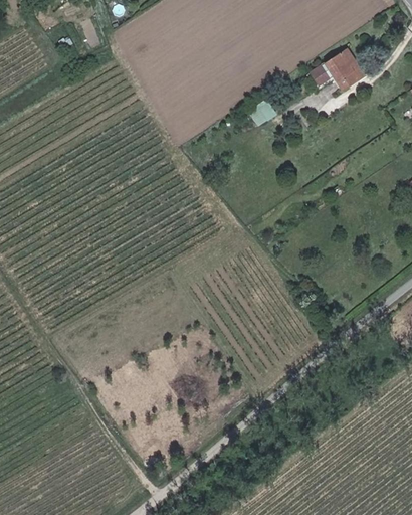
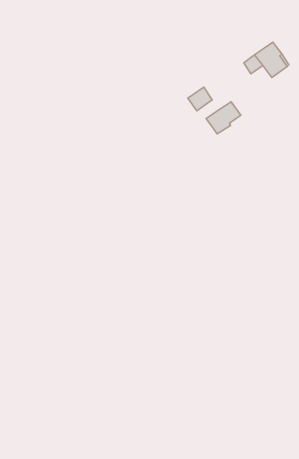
building: none -> [206,102,241,134]

